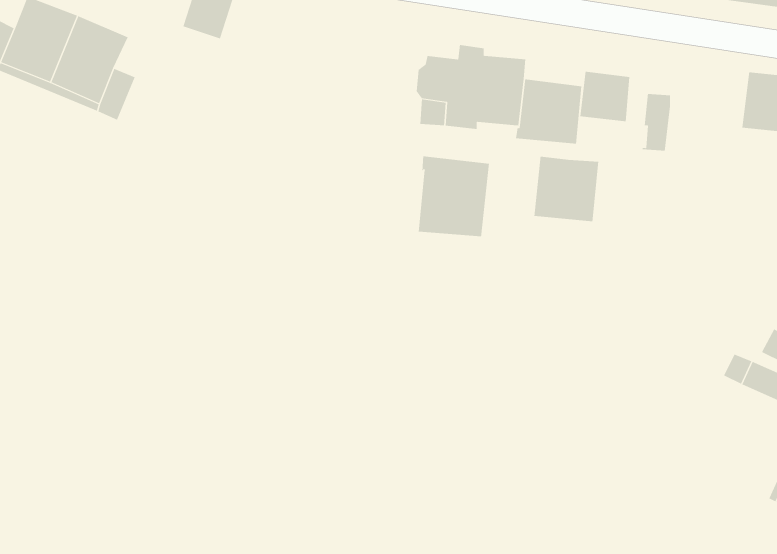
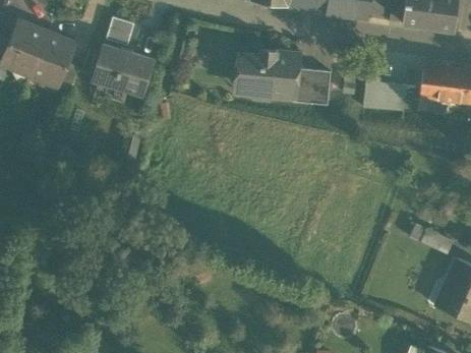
building: none -> [92,44,155,96]
building: [579,71,630,122] -> [377,83,406,112]
building: [418,155,490,237] -> none
building: [534,156,599,222] -> none

